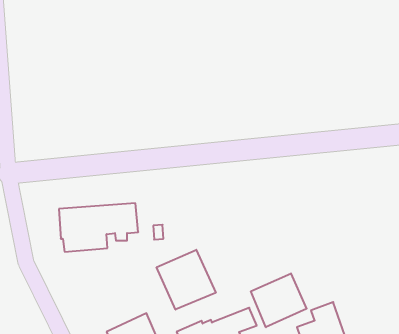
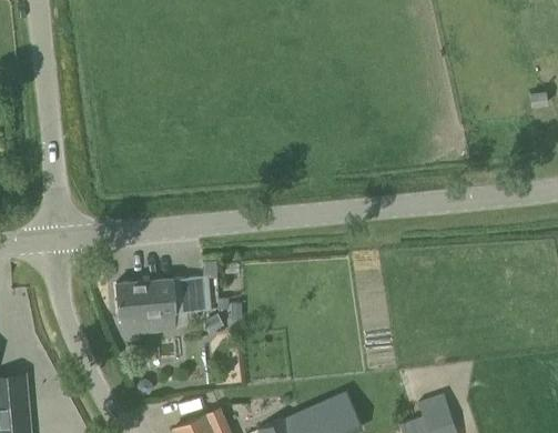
building: [157,250,216,310] -> none
building: [251,273,307,327] -> none

